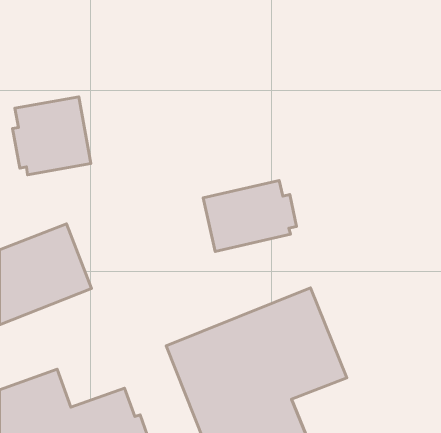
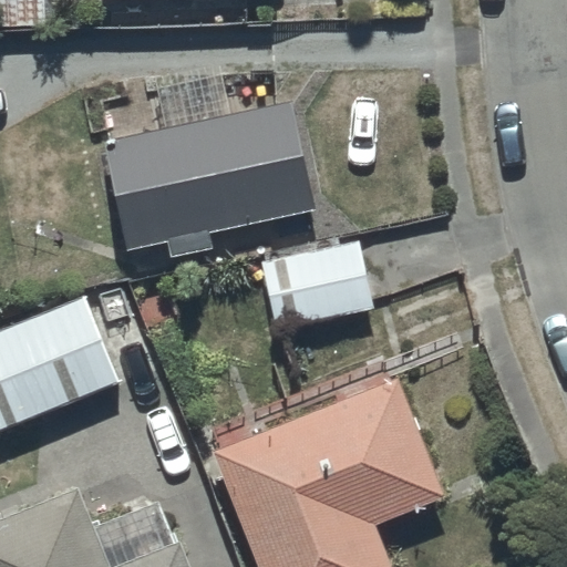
building: none -> [104,64,311,257]
building: [13,97,91,175] -> none

